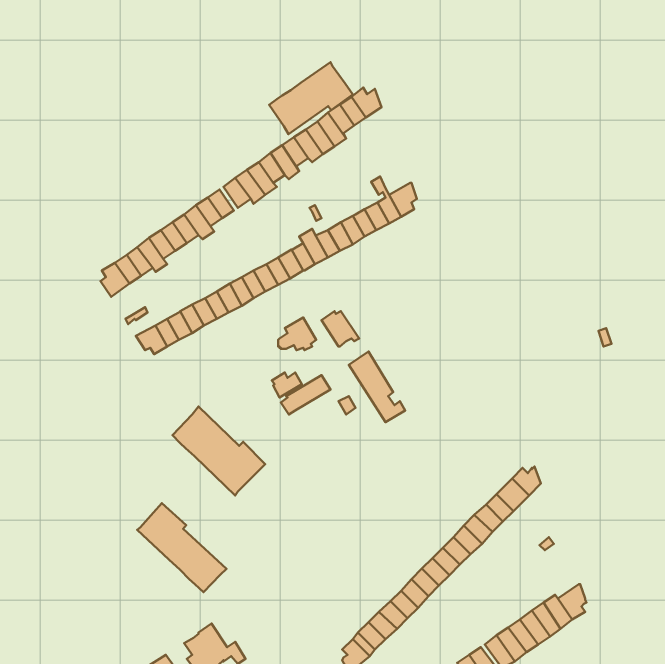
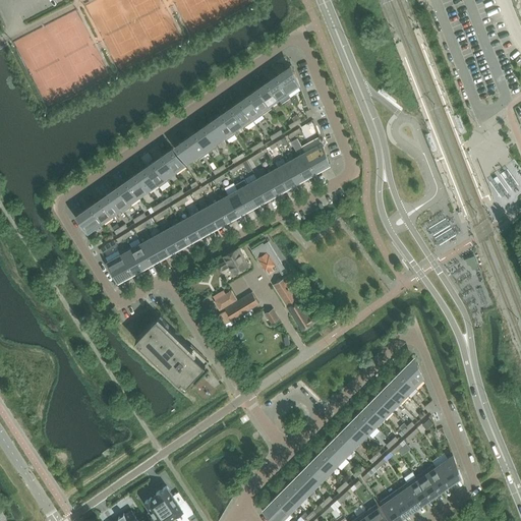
building: [269,62,353,134] -> none
building: [137,503,226,592] -> none

